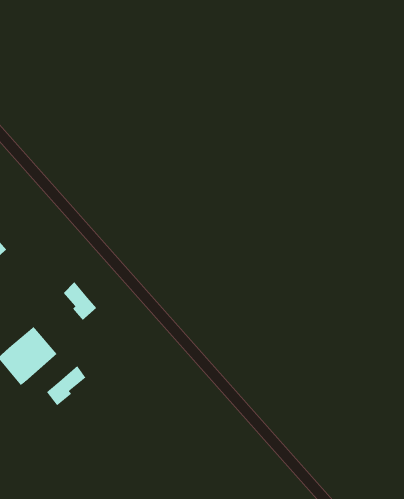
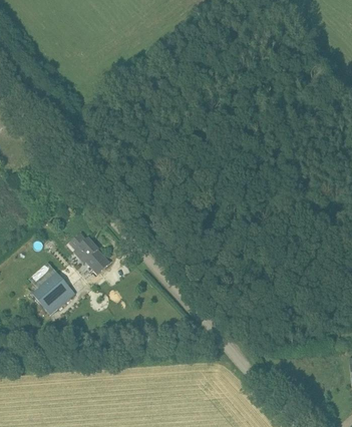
building: [46,365,86,406] -> none

